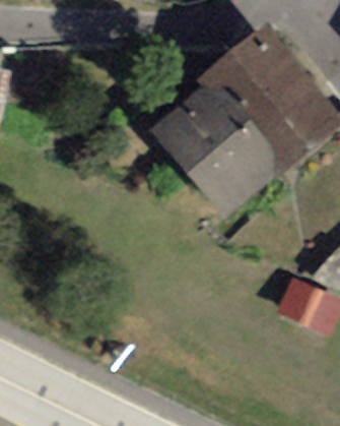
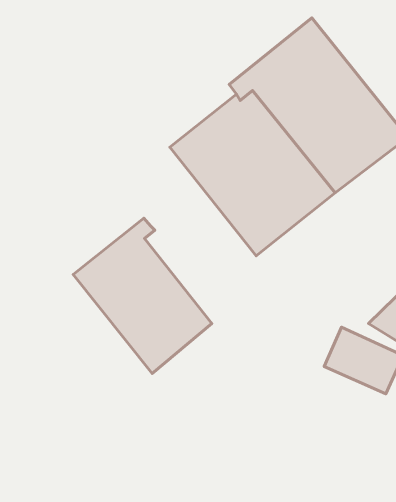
building: none -> [73,218,212,374]

